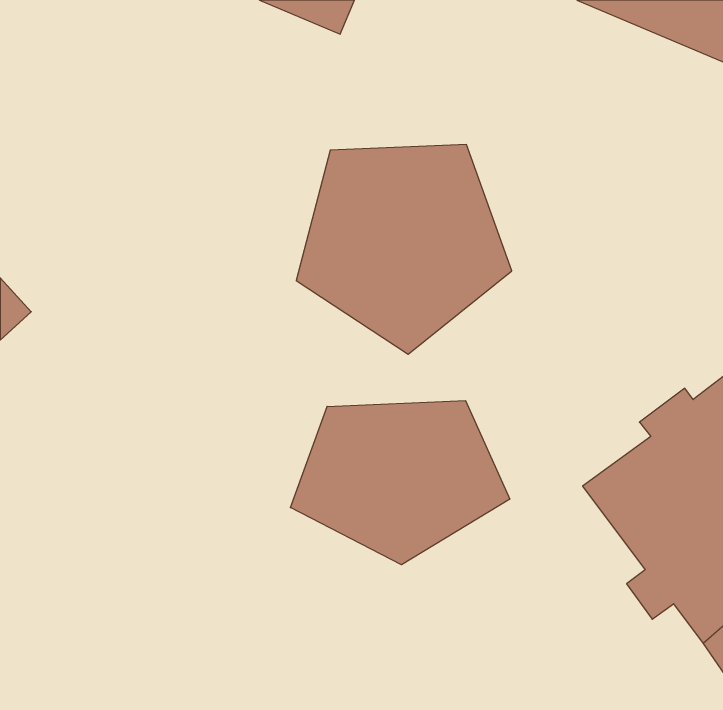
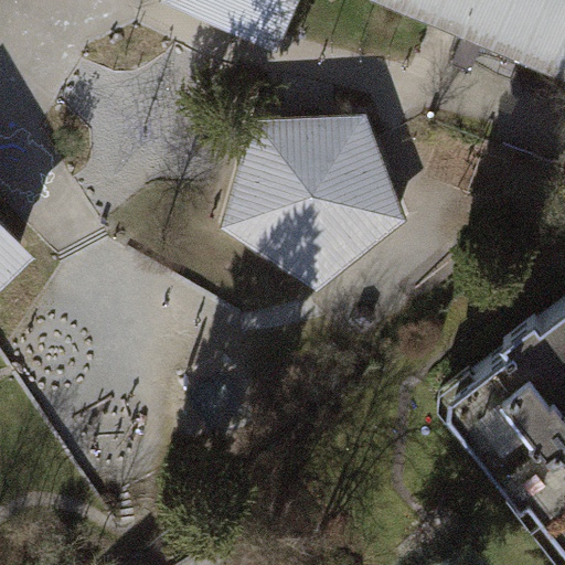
building: [290,401,510,565] -> none

